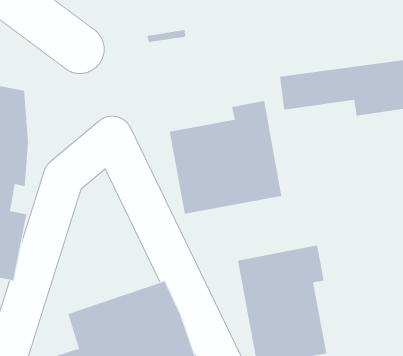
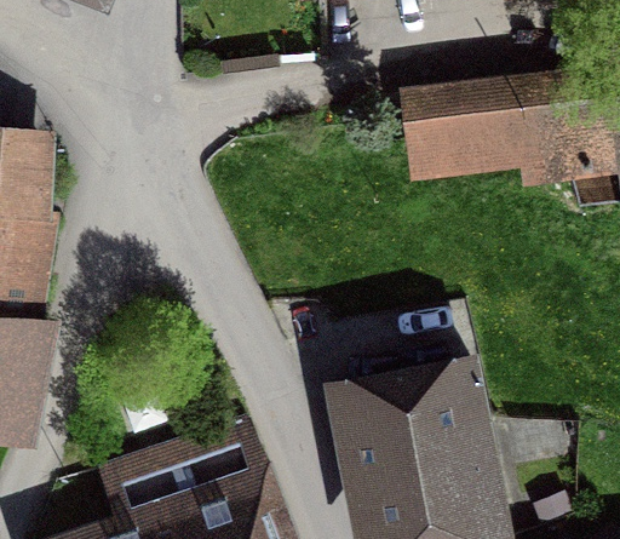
building: [169,100,282,214] -> none

